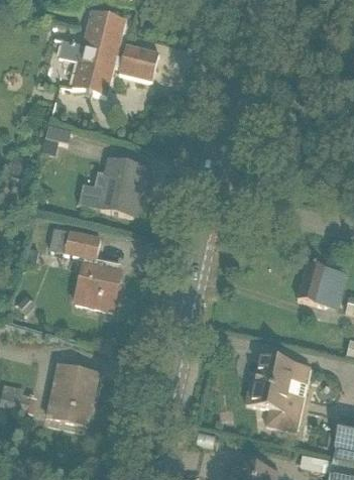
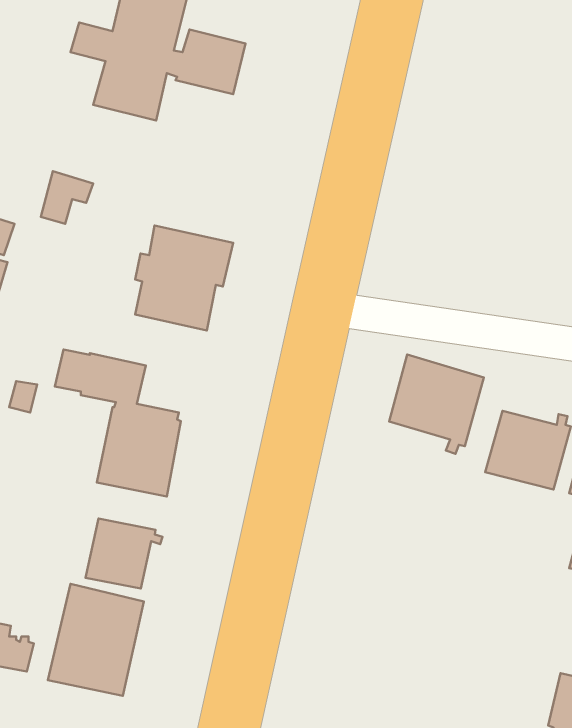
building: none -> [389,355,484,454]
building: none -> [85,519,162,589]
building: [243,354,316,431] -> none

